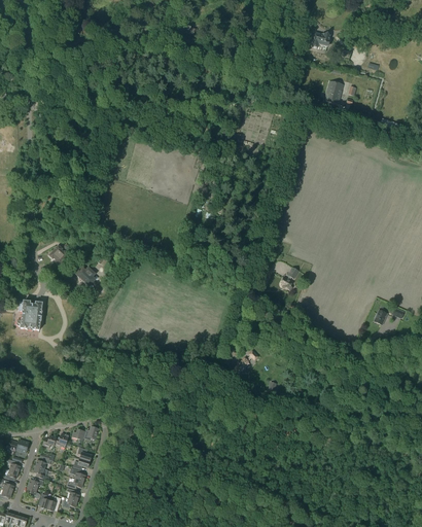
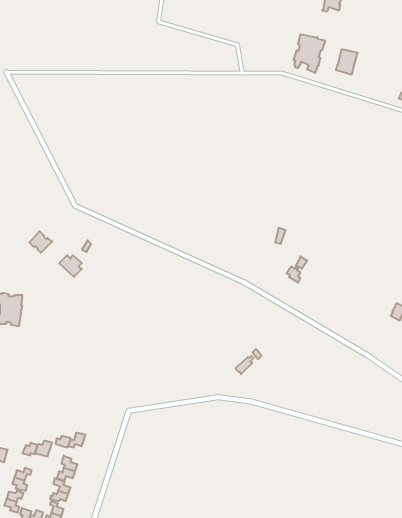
building: none -> [294,34,325,73]

